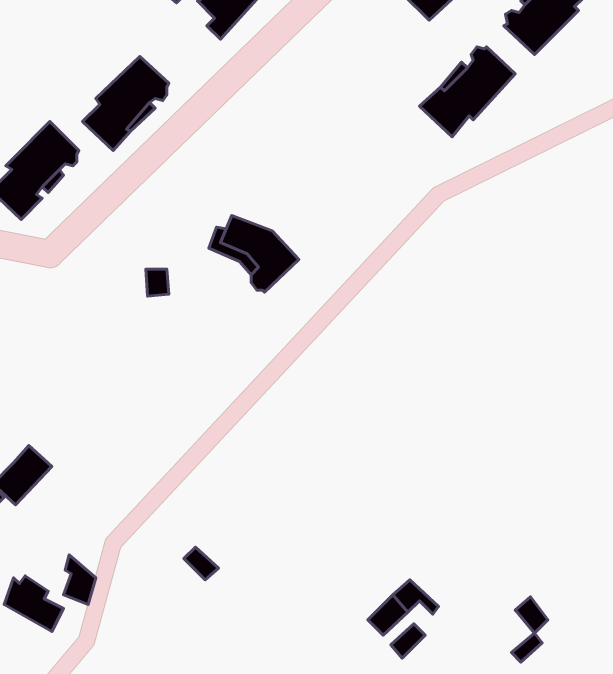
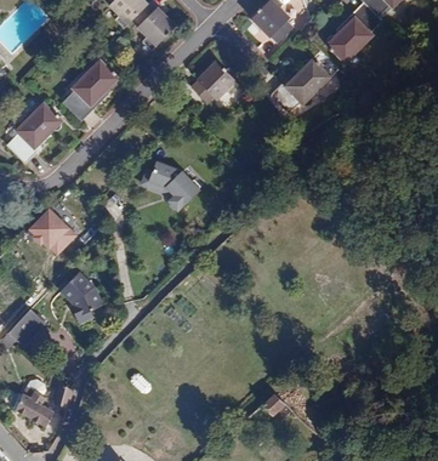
building: none -> [194,61,241,103]
building: none -> [27,206,76,257]
building: none -> [61,272,103,323]

